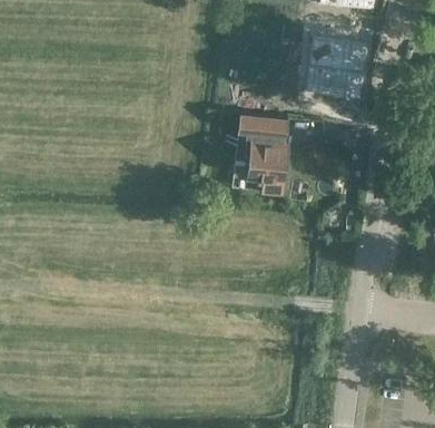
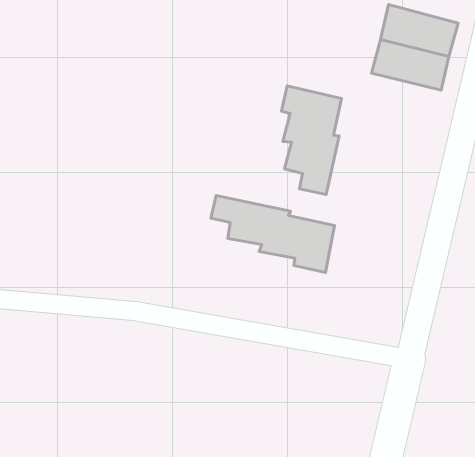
building: none -> [211,195,335,272]

